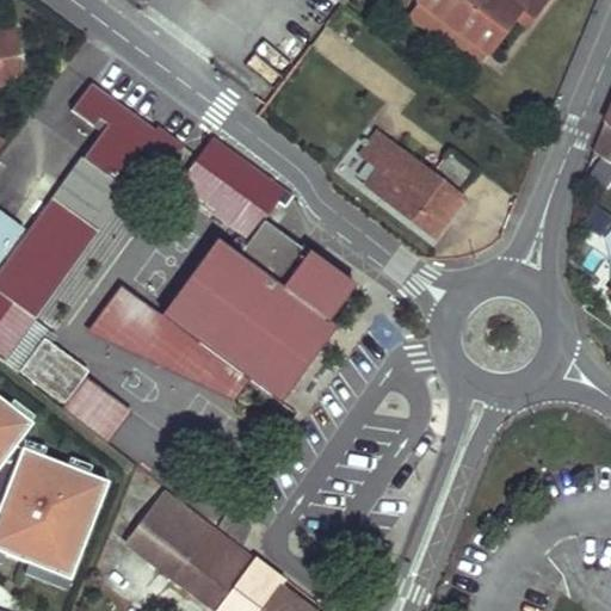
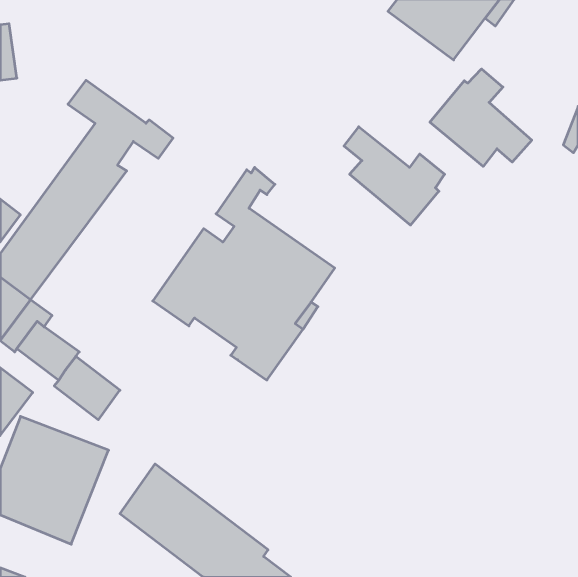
building: none -> [430,69,532,166]
building: [175,134,264,226] -> none
building: [86,288,251,401] -> none

